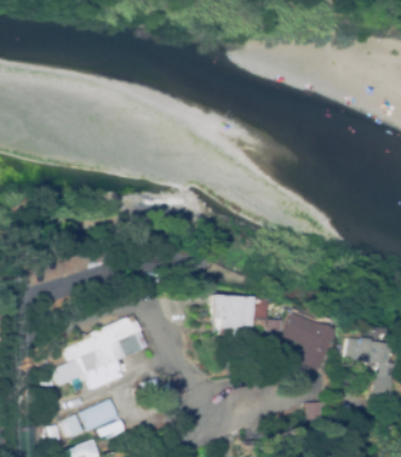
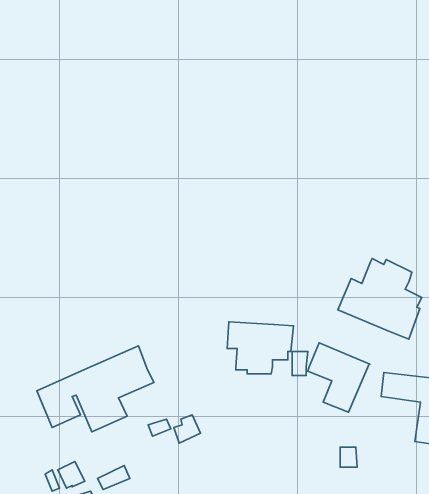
building: none -> [338,258,422,339]
building: [80,398,118,430] -> none

